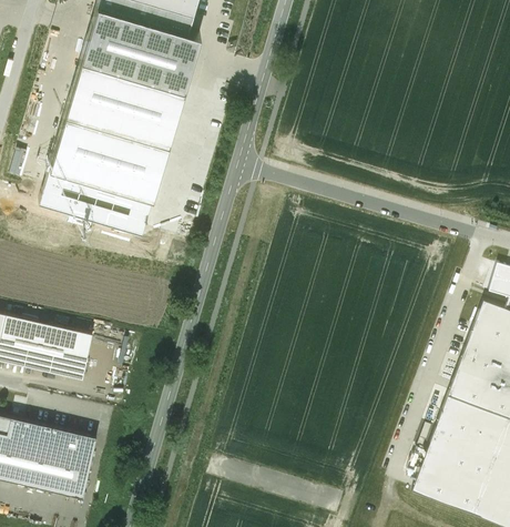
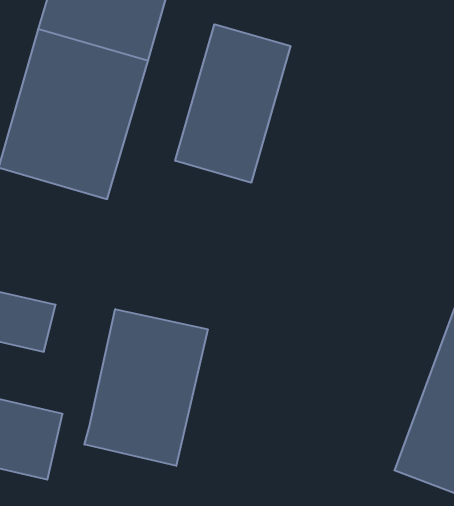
building: none -> [175,24,290,183]
building: none -> [84,309,208,466]

